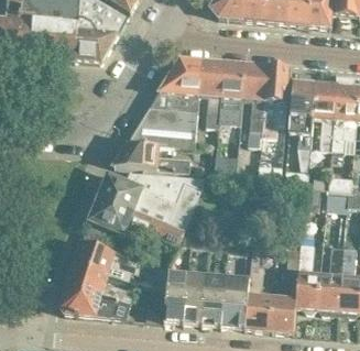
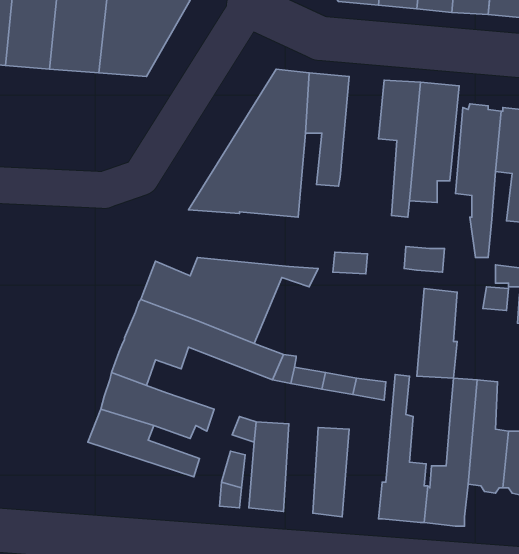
building: [218,62,244,124] -> none
building: [112,142,189,172] -> none
building: [184,271,205,325] -> none
building: [219,274,243,328] -> [417,289,457,378]
building: [59,282,130,318] -> none

